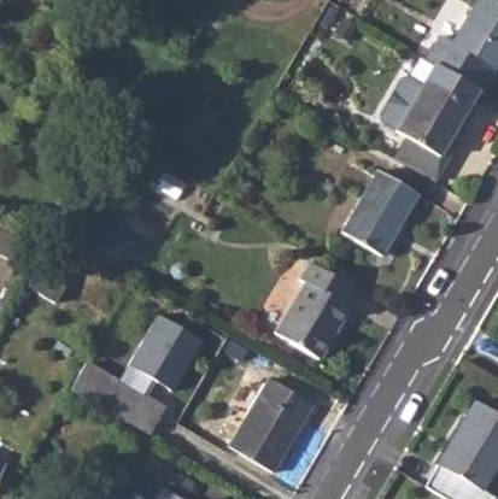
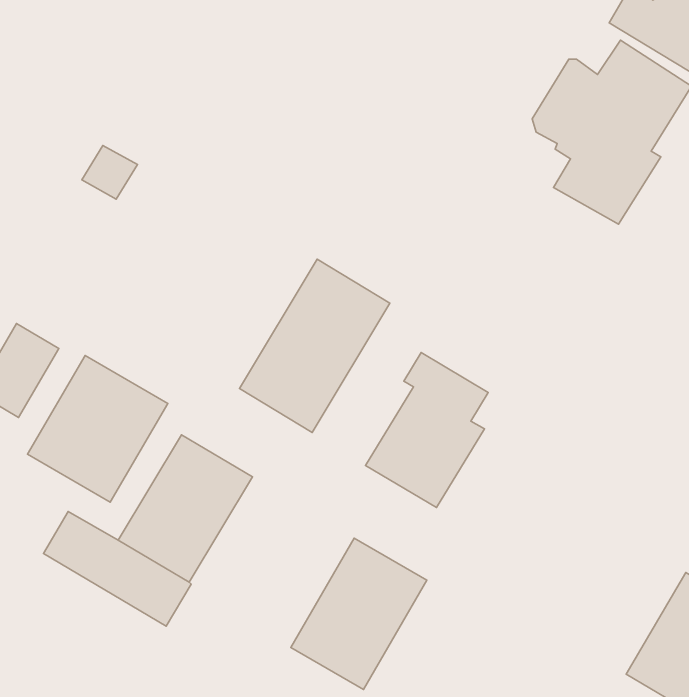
building: [341,171,417,256] -> none
building: none -> [240,259,390,432]
building: none -> [28,355,168,502]

